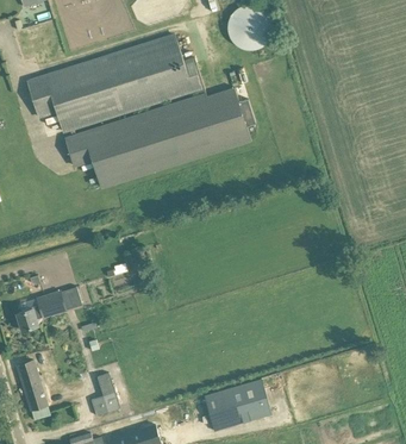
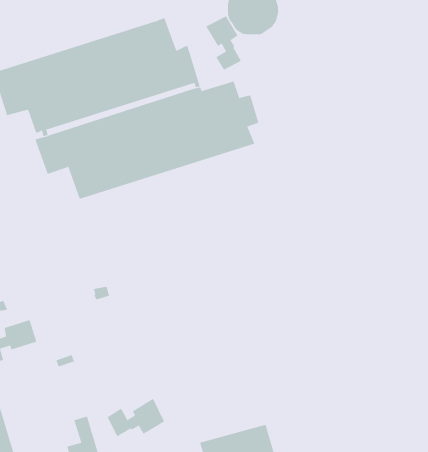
building: none -> [206,15,242,71]
building: none -> [107,398,165,437]

